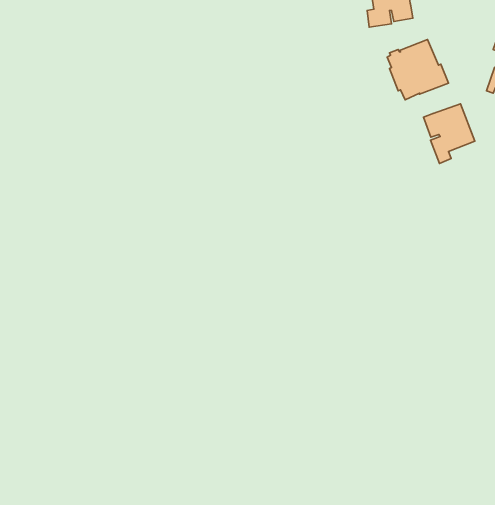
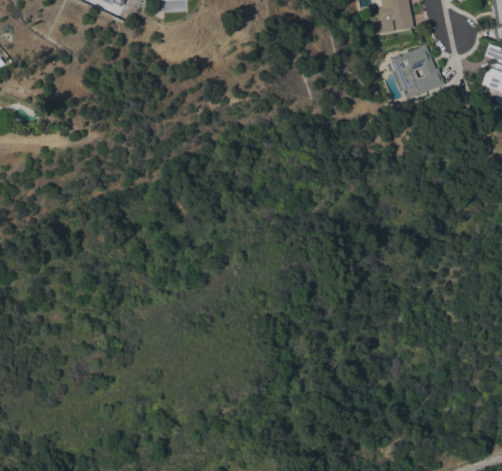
building: [423,104,475,163] -> none

